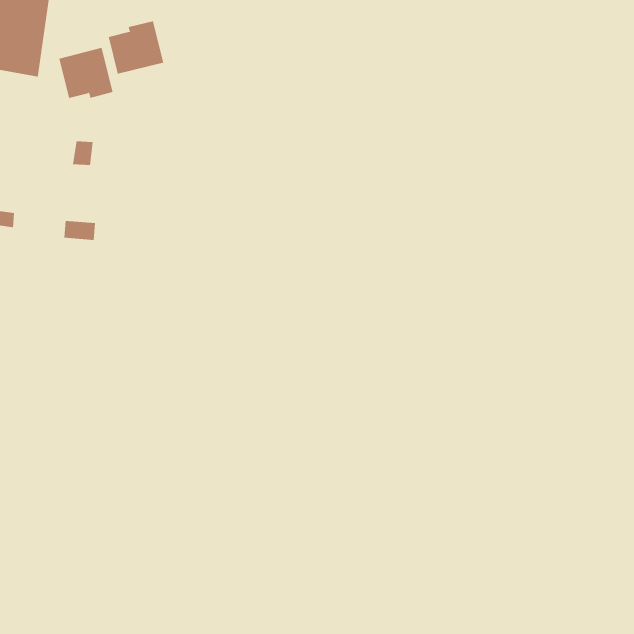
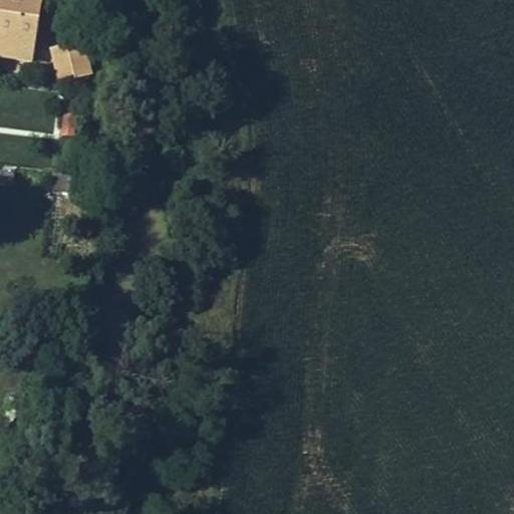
building: [108,21,164,74] -> none

